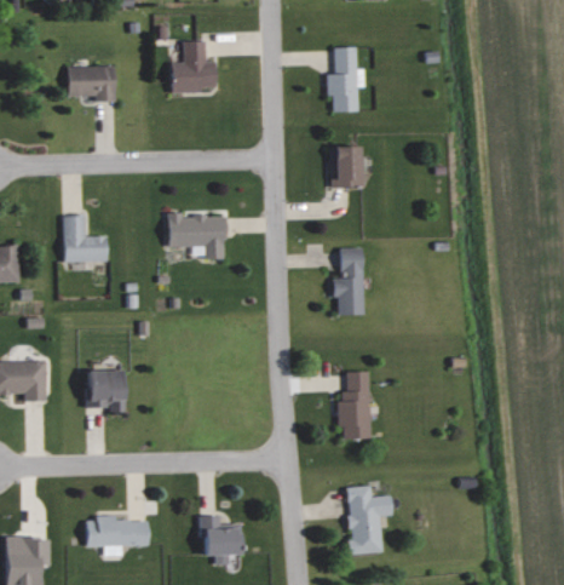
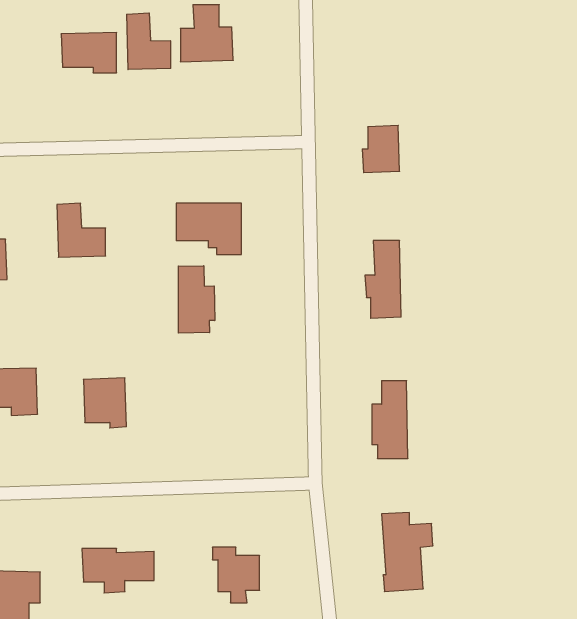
building: [327,46,358,111] -> none
building: none -> [127,13,171,70]
building: none -> [178,266,215,333]

